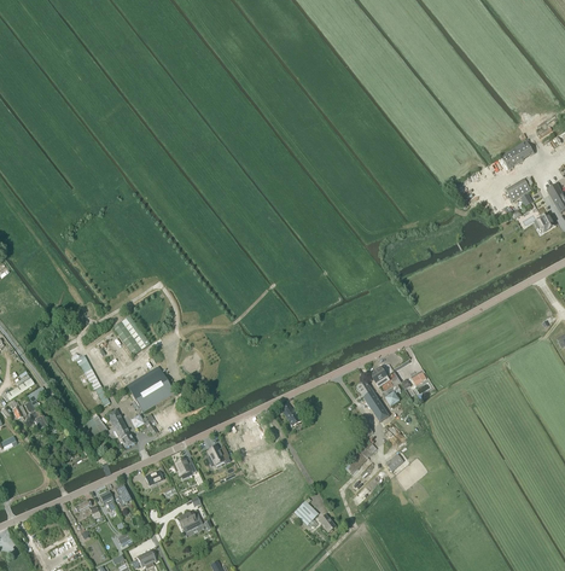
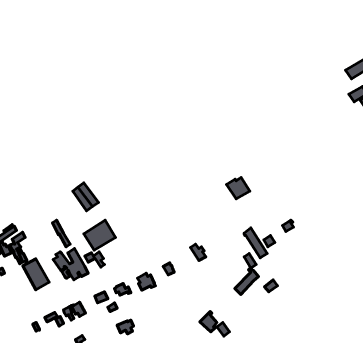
building: [368,363,401,394] -> [227,178,250,199]
building: none -> [23,259,49,290]

